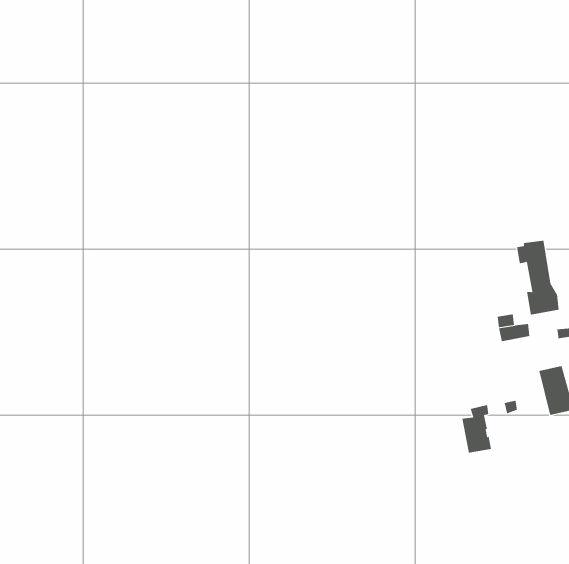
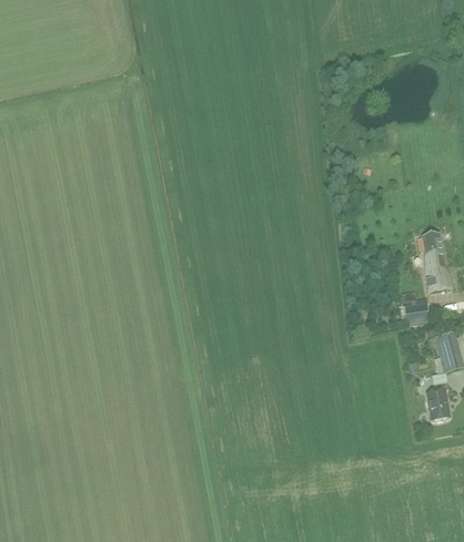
building: [461,405,492,453] -> [426,381,451,420]

